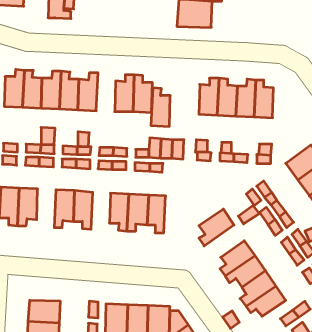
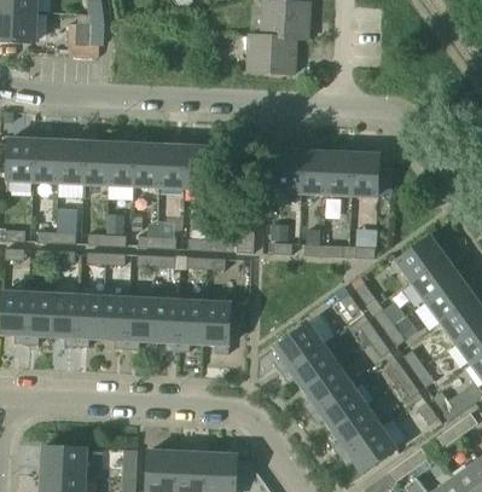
building: [151,88,170,126] -> [134,134,161,187]
building: none -> [52,294,79,347]
building: none -> [127,299,153,349]
building: none -> [283,343,338,388]

